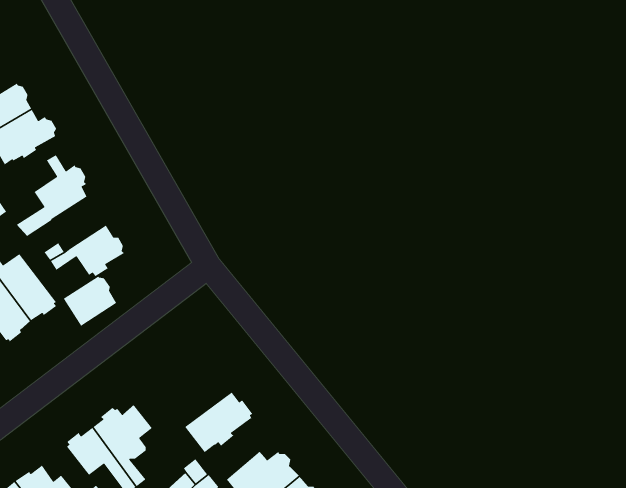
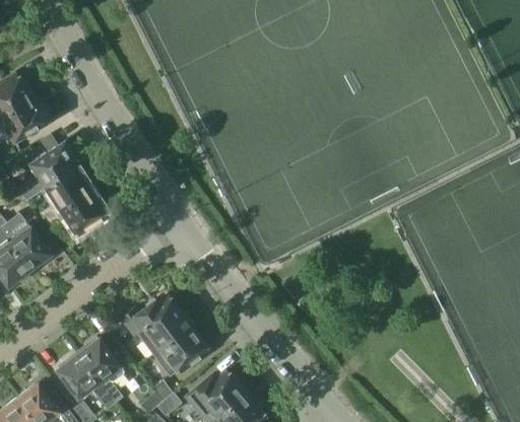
building: [63,275,117,327] -> [46,167,89,209]
building: none -> [121,295,192,353]

